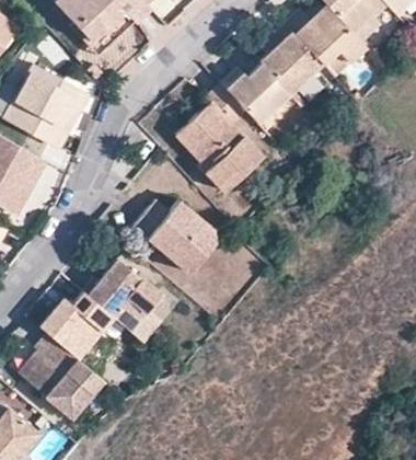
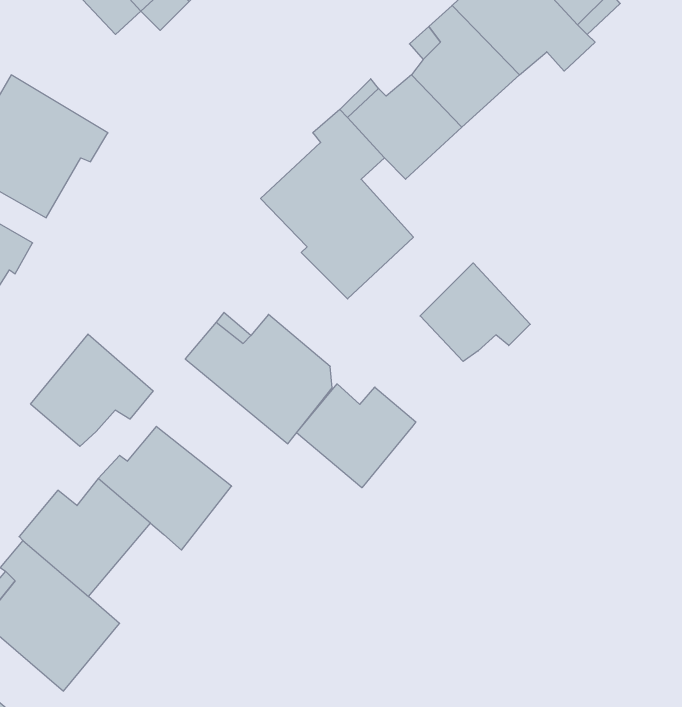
building: none -> [420,263,530,361]
building: none -> [31,334,153,446]
building: none -> [296,384,416,488]

